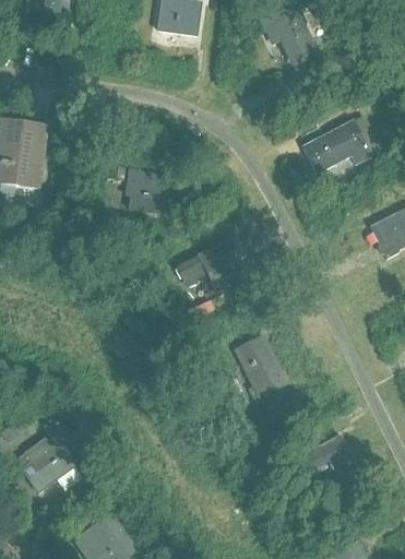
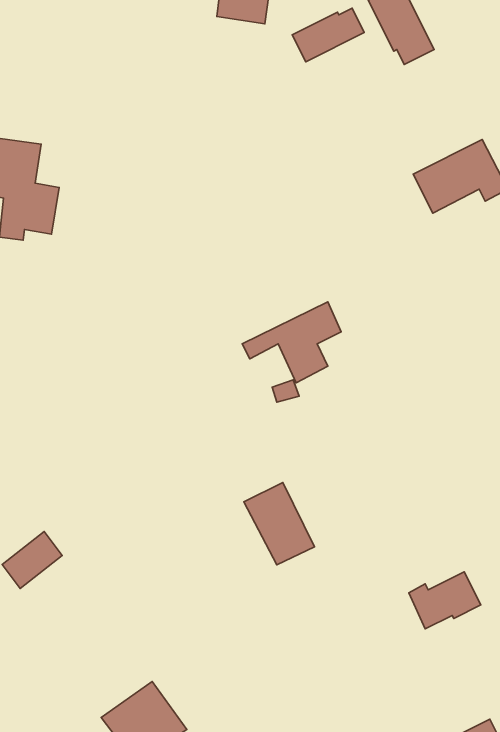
building: none -> [292,8,364,62]
building: [128,171,162,214] -> none
building: [235,336,286,396] -> [244,482,314,565]
building: [19,427,76,492] -> none

